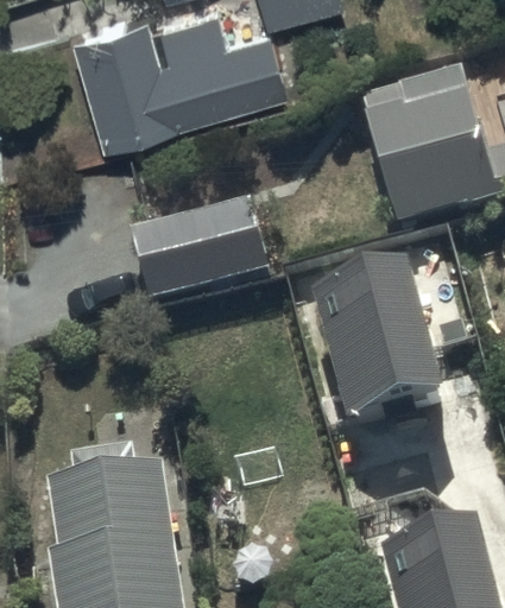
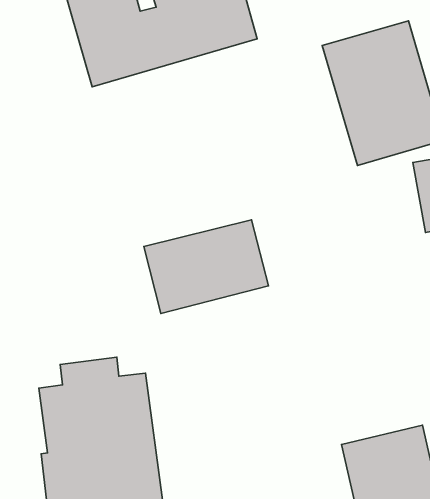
building: [132,202,271,306] -> [144,220,269,314]
building: [313,274,441,429] -> none

